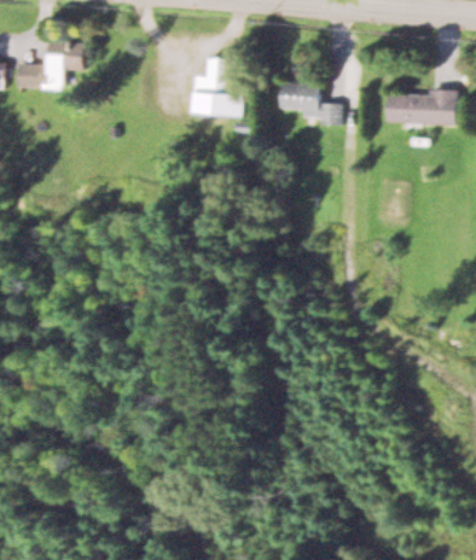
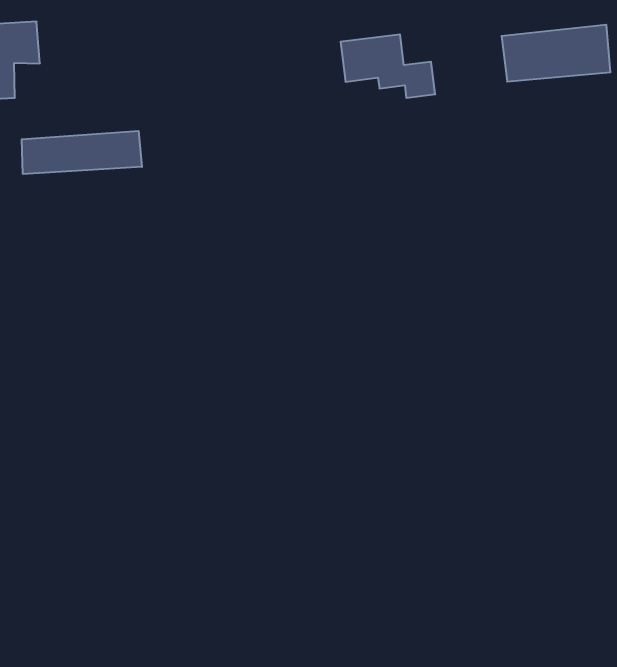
building: [190,59,244,118] -> none
building: none -> [22,131,142,174]

